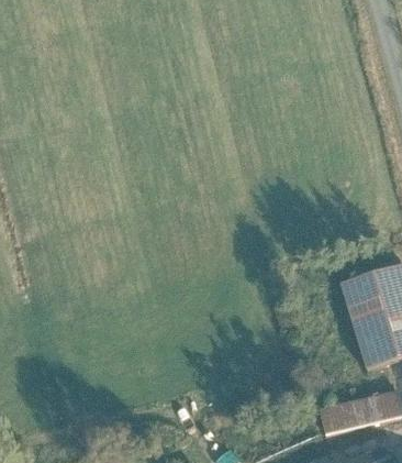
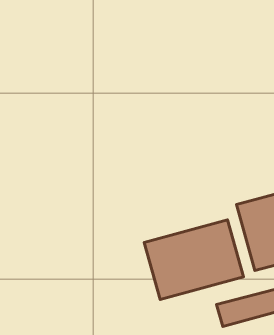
building: none -> [144,220,244,300]

